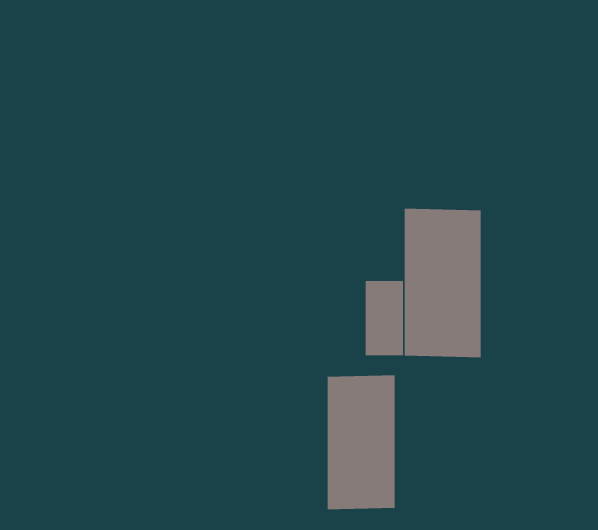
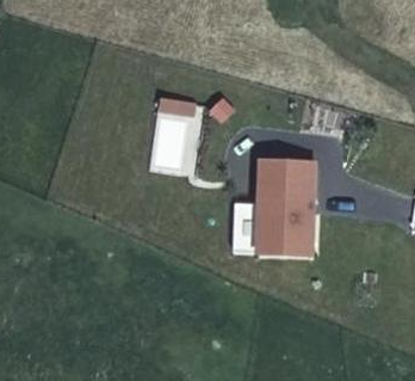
building: [327,374,396,510] -> none

